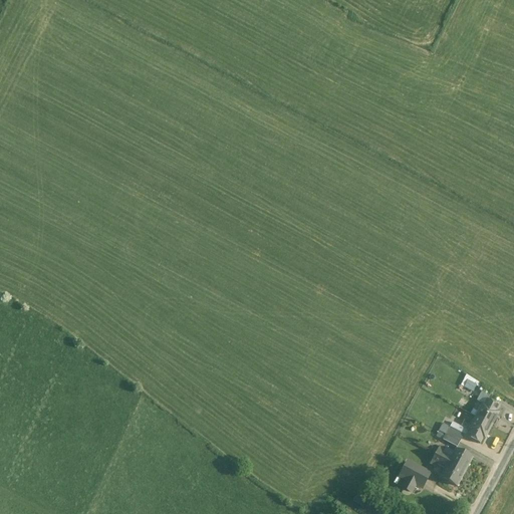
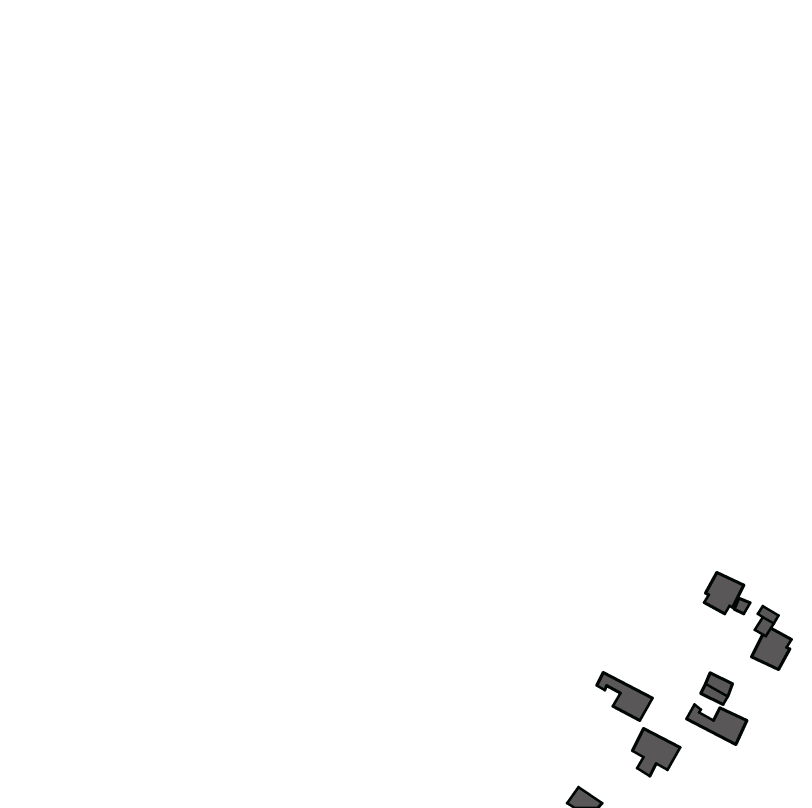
building: [467,415,492,441] -> [704,572,744,614]
building: [430,454,465,484] -> [597,673,652,720]

